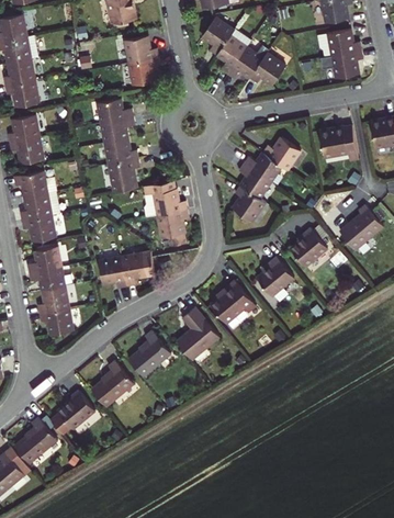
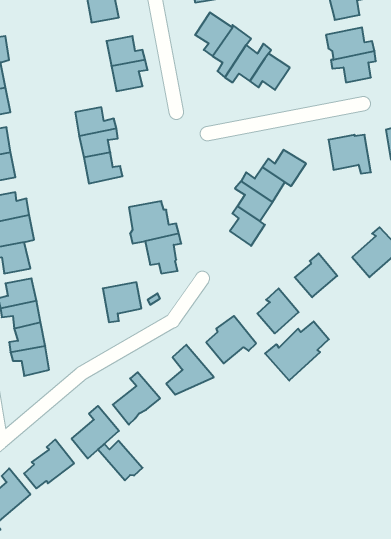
building: [109,159,139,193] -> none
building: [99,258,126,290] -> none
building: none -> [265,321,329,381]
building: none -> [98,441,143,480]

